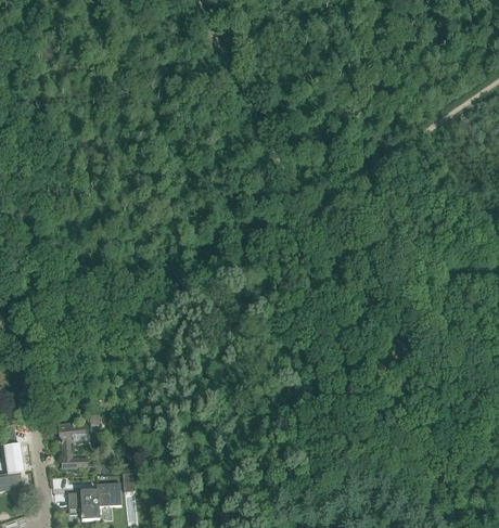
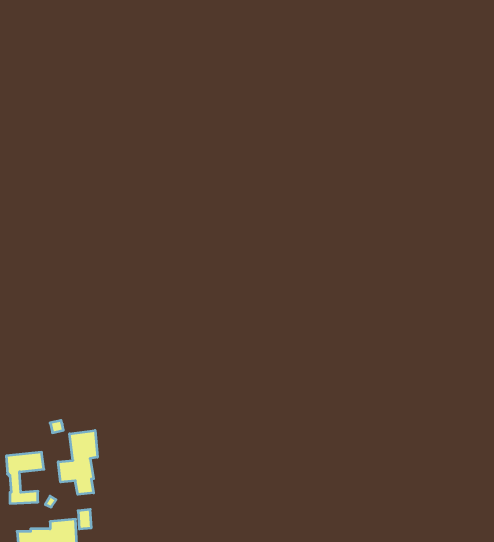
building: none -> [58,430,97,494]

